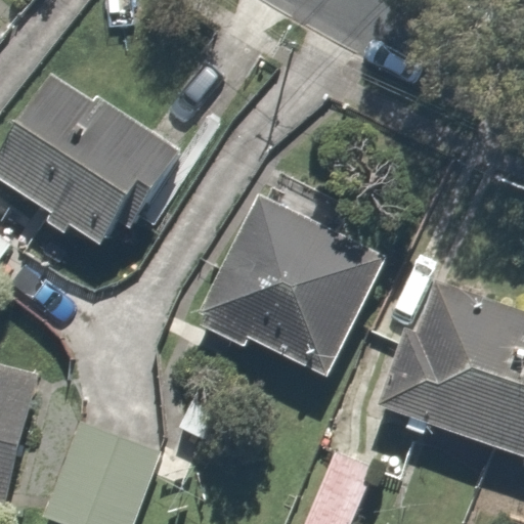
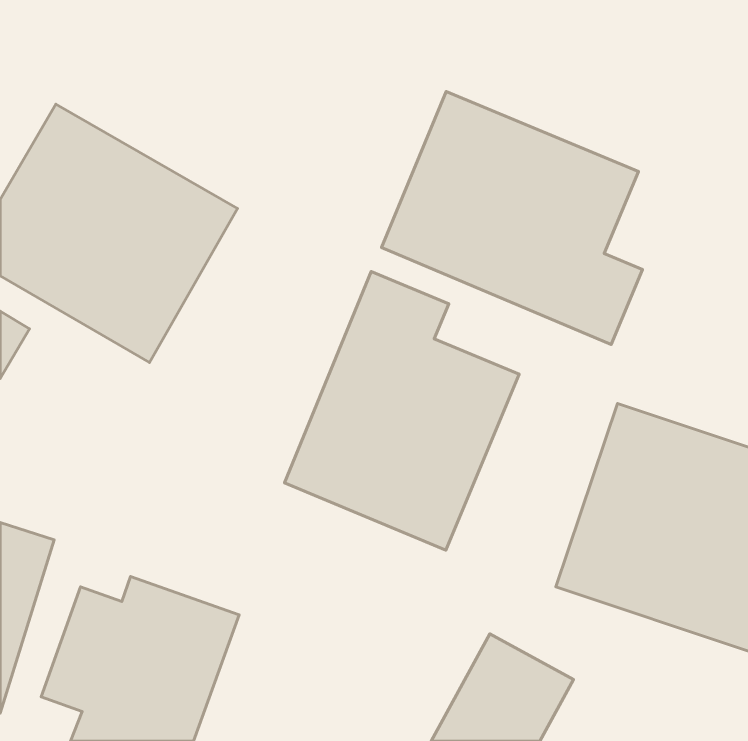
building: none -> [382,91,643,345]

